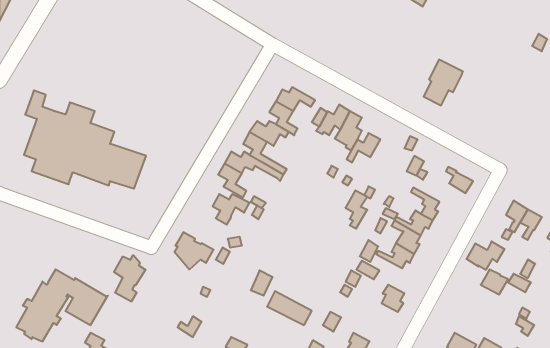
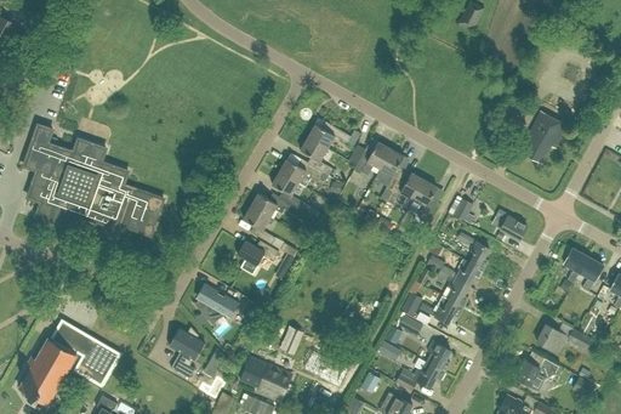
building: [424,60,463,105] -> [522,112,565,163]
building: [345,190,367,229] -> [412,180,437,222]
building: [466,241,505,270] -> [515,358,558,390]
building: [114,256,146,301] -> [169,327,204,378]
building: none -> [239,356,292,402]
building: none -> [394,362,443,391]

